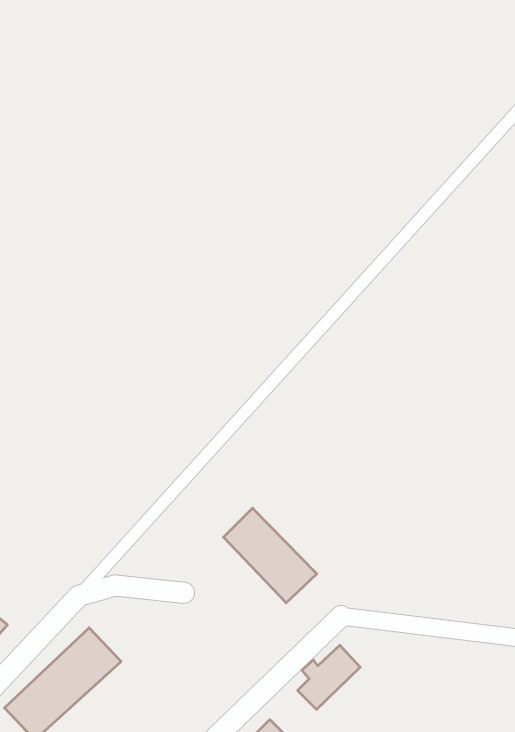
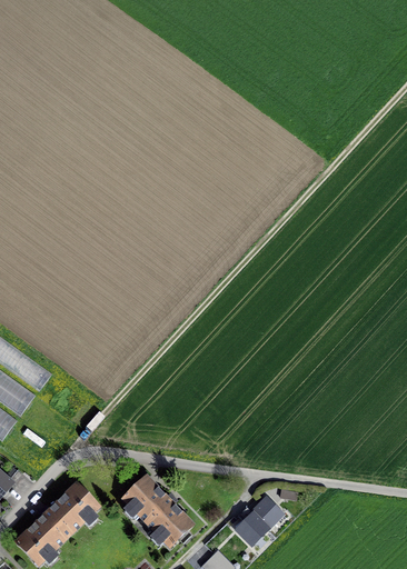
building: [223,508,317,603] -> [122,473,193,546]

